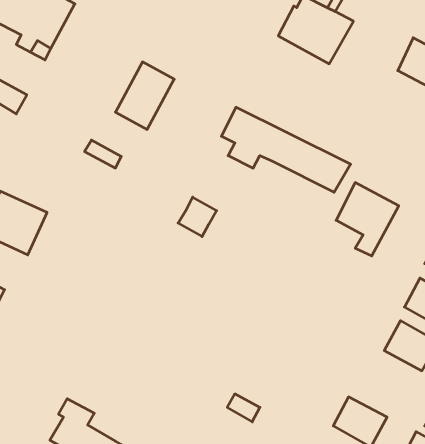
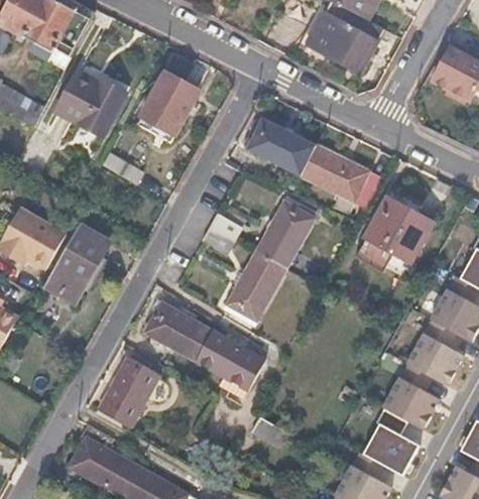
building: none -> [55,67,123,131]
building: none -> [227,201,316,319]
building: none -> [46,224,105,302]
building: none -> [143,302,262,396]
building: none -> [98,356,156,424]
building: none -> [388,383,445,435]

